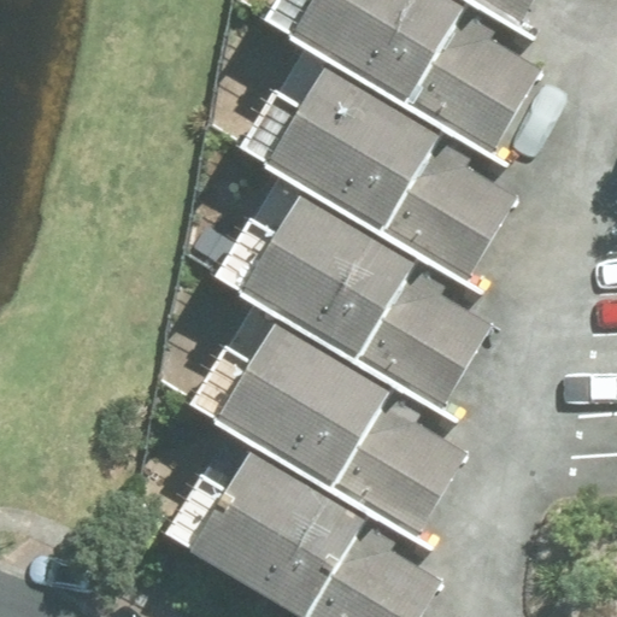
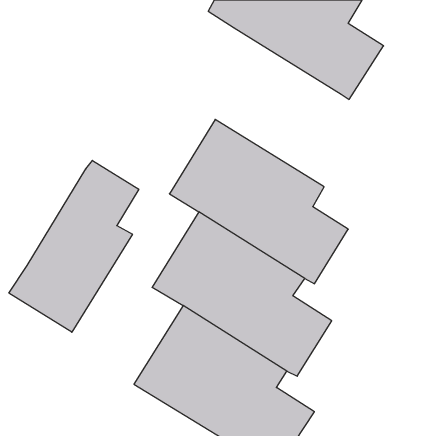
building: [262,47,513,277] -> none
building: none -> [9,160,139,332]

